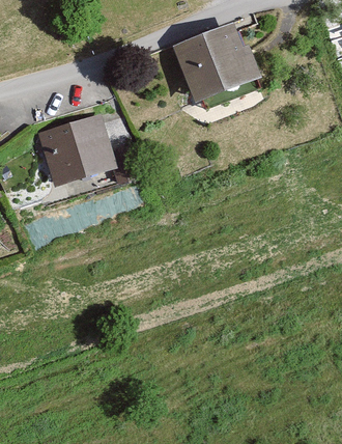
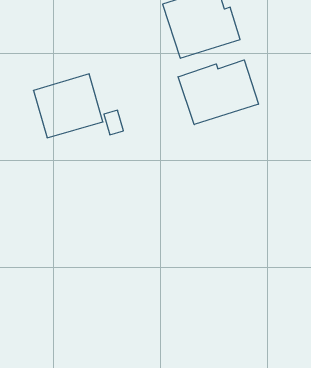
building: none -> [178,60,258,125]

